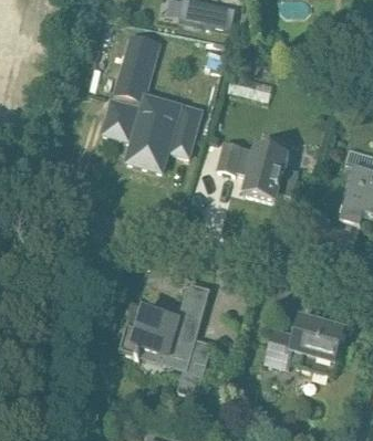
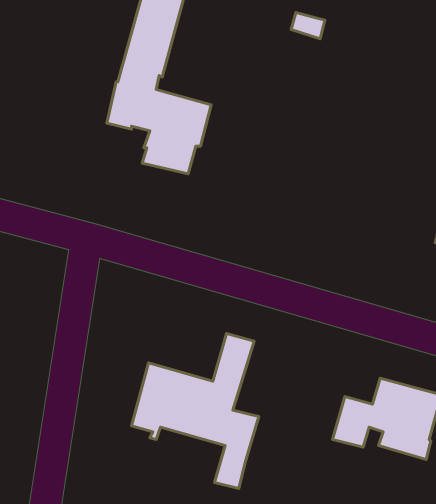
building: [169,104,200,155] -> none
building: [217,140,298,200] -> none

